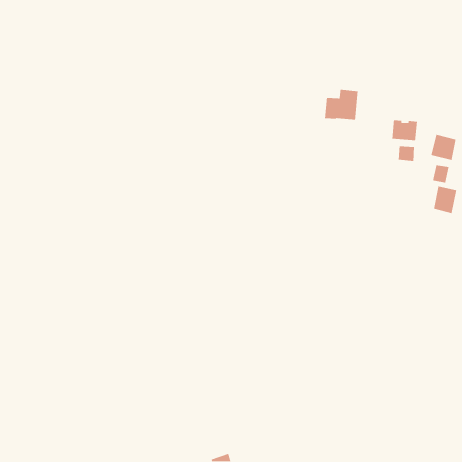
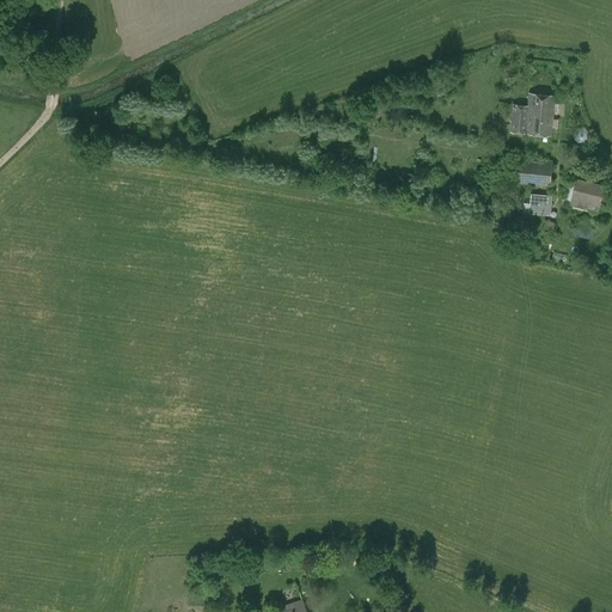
building: [324,89,359,121] -> [509,93,555,135]
building: [433,186,457,214] -> none

